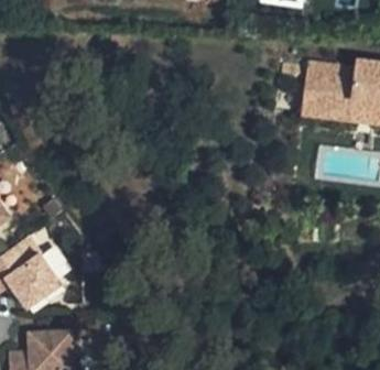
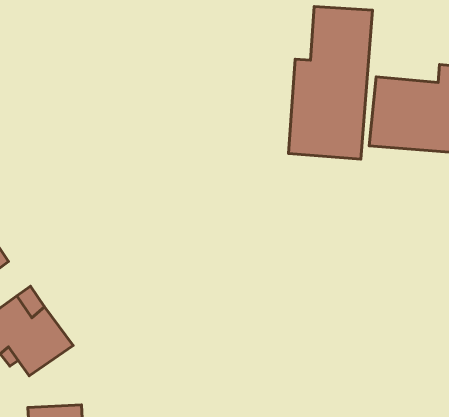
building: none -> [288,7,373,159]

